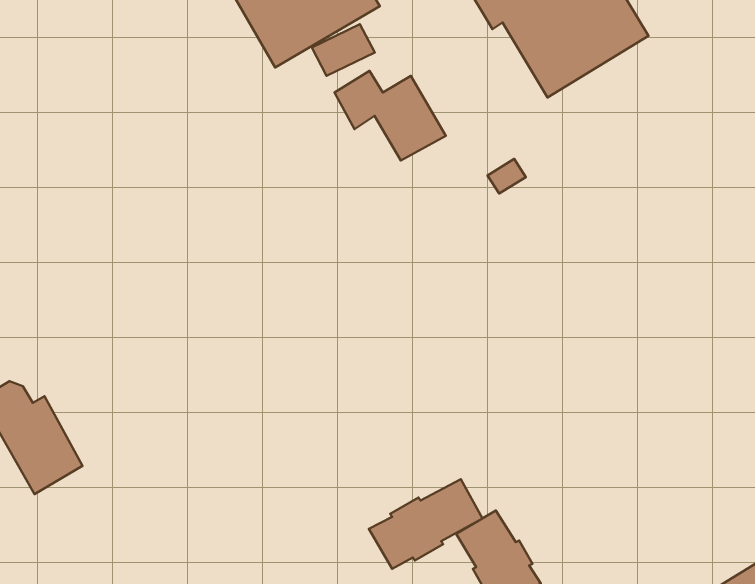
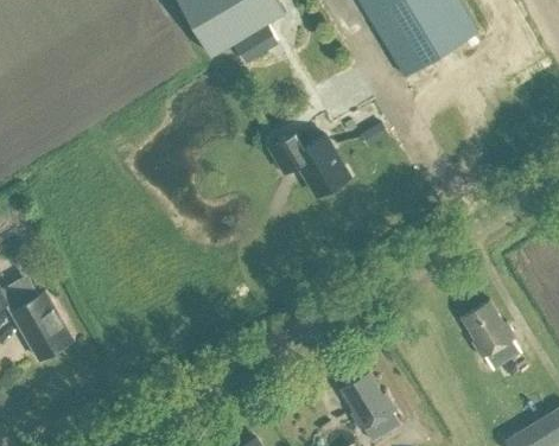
building: [335,71,446,161] -> [267,133,347,197]
building: none -> [462,300,521,370]
building: [369,479,483,569] -> none

